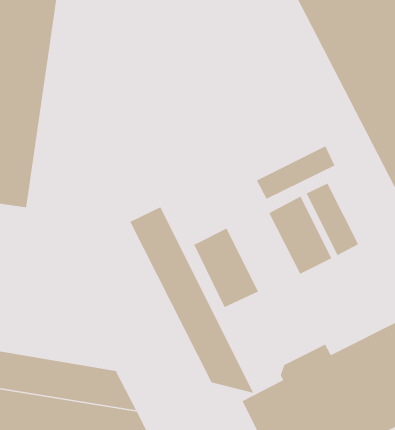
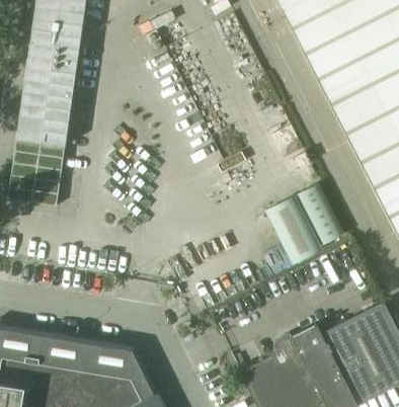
building: [256,145,335,200] -> none
building: [129,206,255,394] -> none
building: [193,227,259,308] -> none

